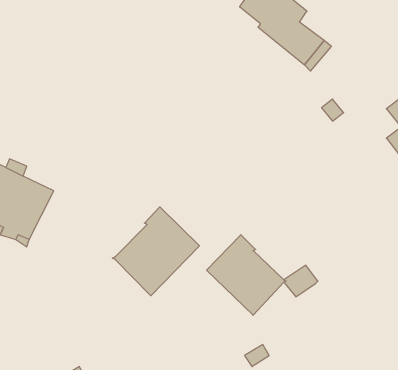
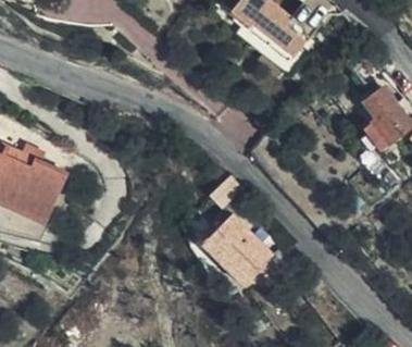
building: [112,207,199,296] -> none

